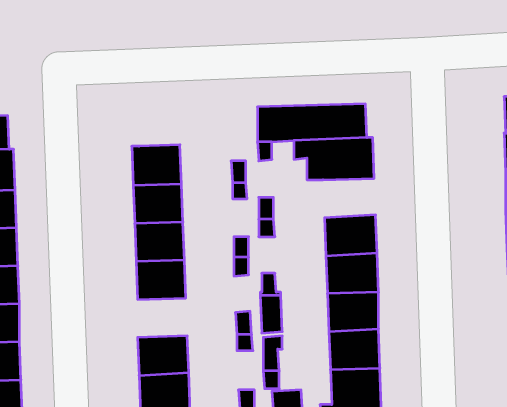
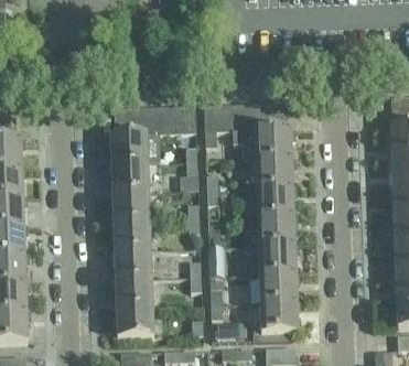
building: none -> [115,105,196,134]
building: none -> [255,159,294,189]
building: none -> [115,249,152,279]

